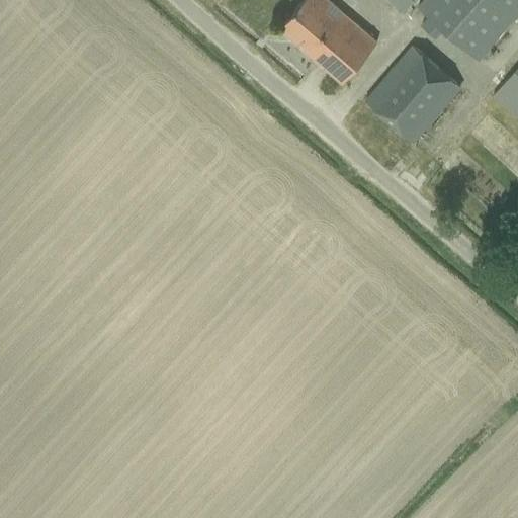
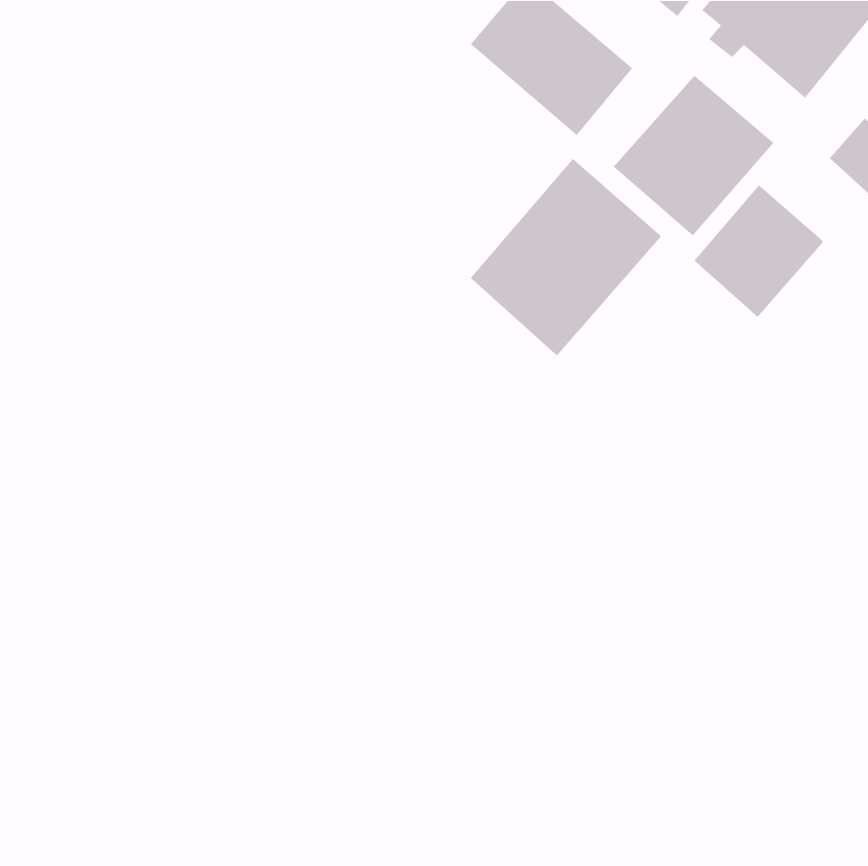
building: none -> [470,158,662,356]
building: none -> [694,184,824,318]

